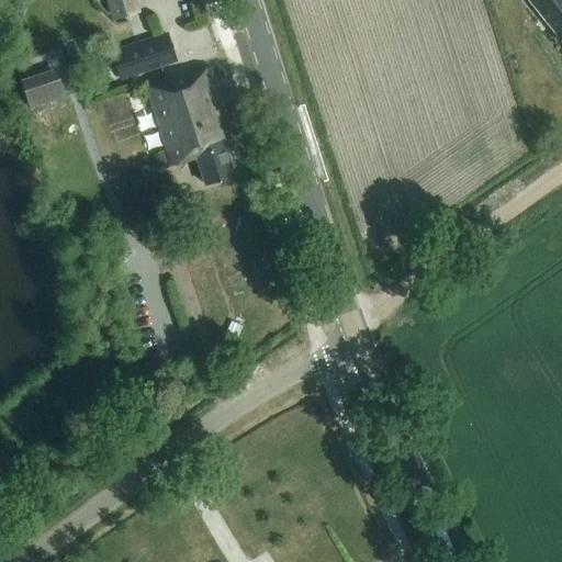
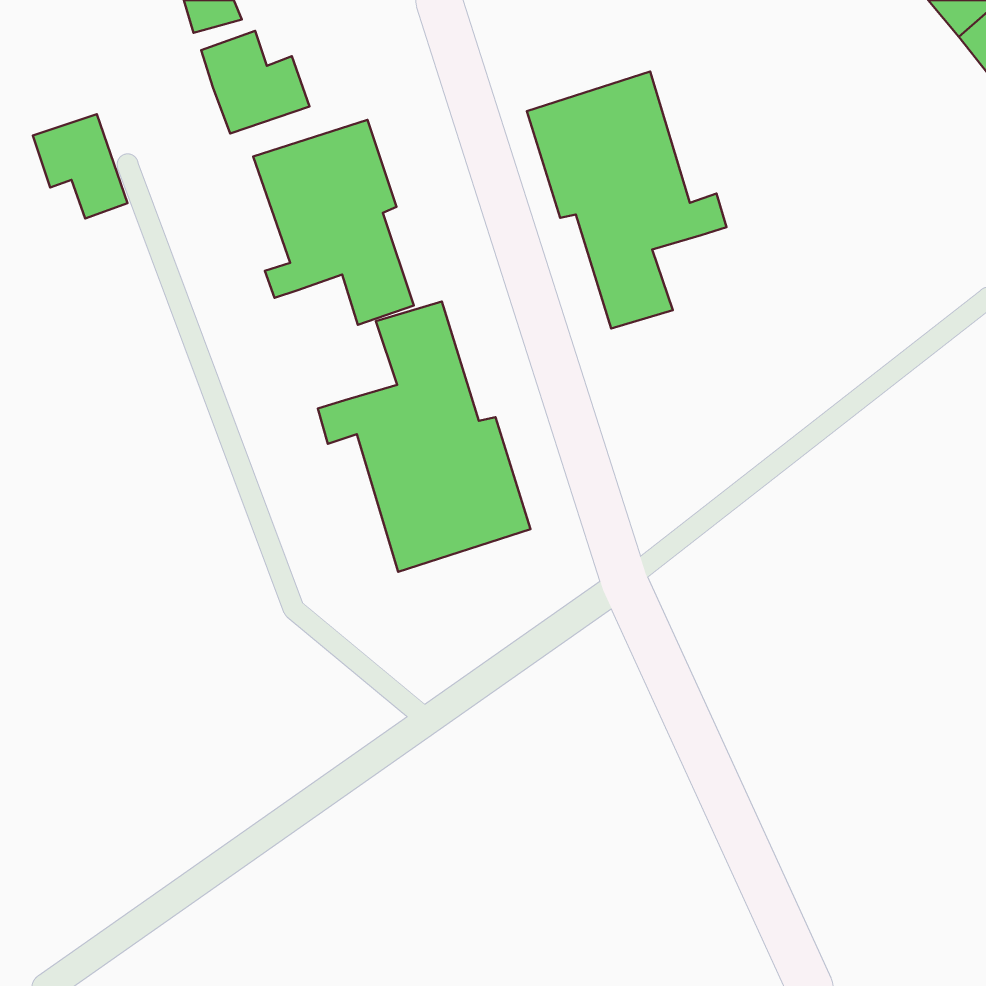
building: none -> [527,71,726,328]
building: none -> [318,302,531,572]

